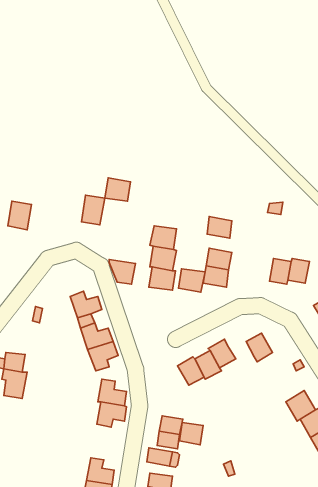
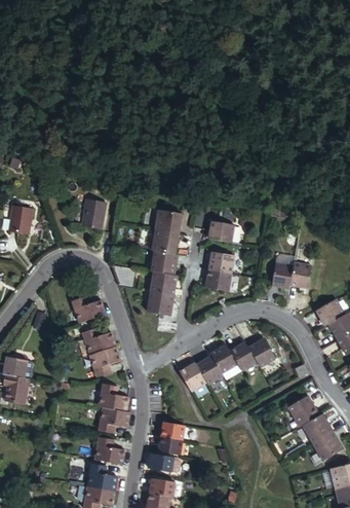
building: [105,178,131,201] -> [156,210,182,233]
building: [179,269,205,292] -> [148,292,174,316]
building: none -> [230,342,257,370]
building: [179,422,203,445] -> none
building: none -> [95,437,123,465]

